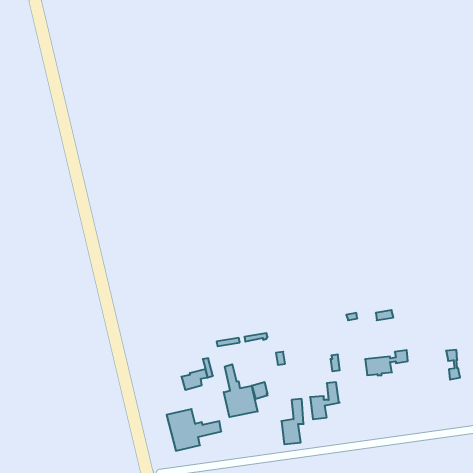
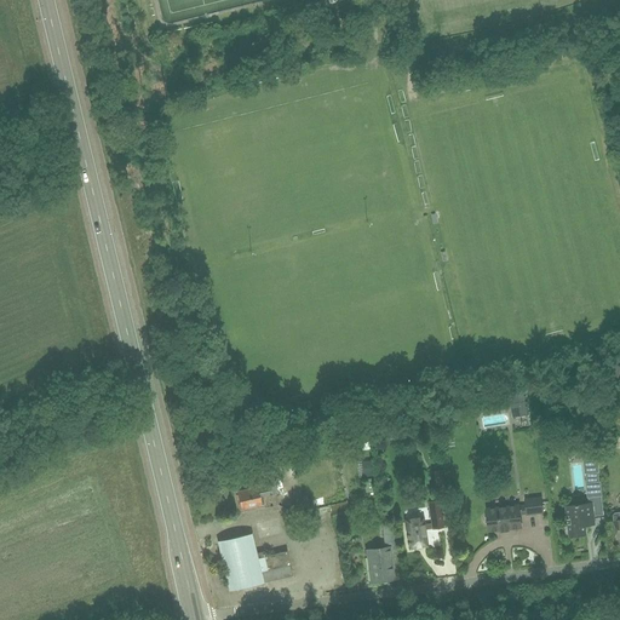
building: [365,350,408,375] -> [487,498,542,530]
building: [224,364,258,417] -> none
building: none -> [566,504,595,536]

